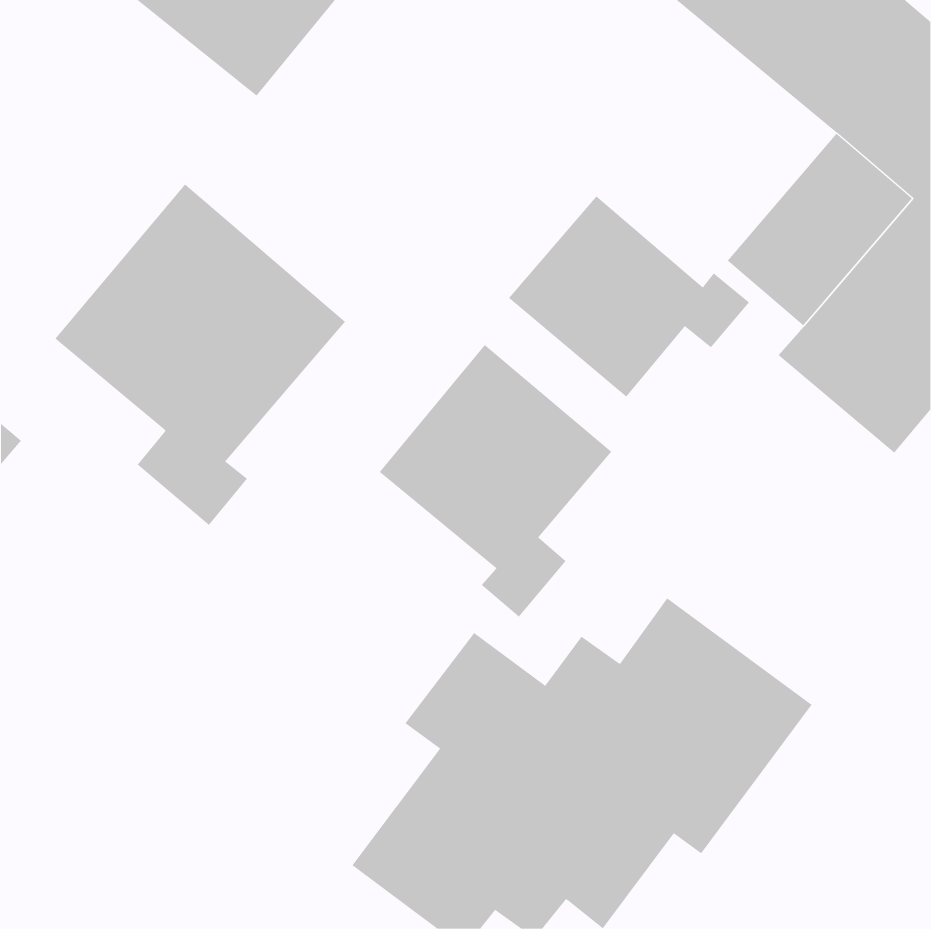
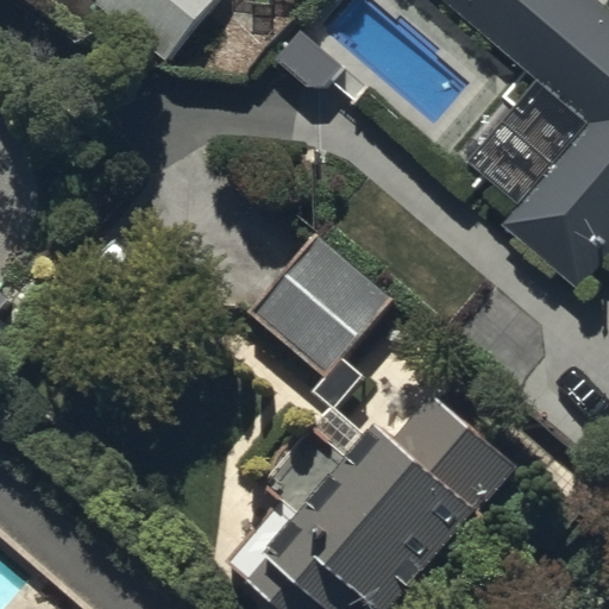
building: [54,184,346,526] -> none
building: [508,196,750,398] -> none

